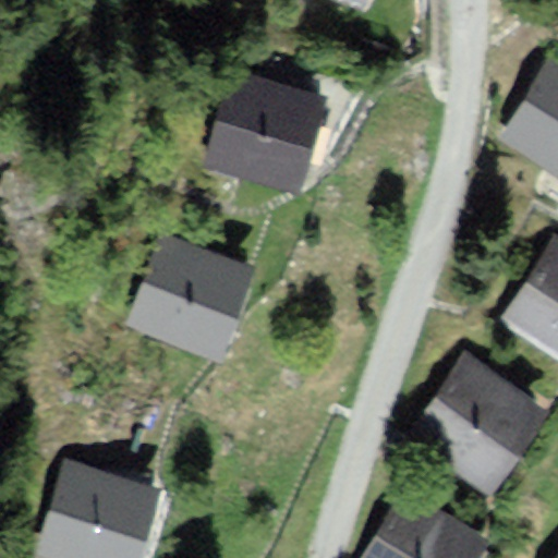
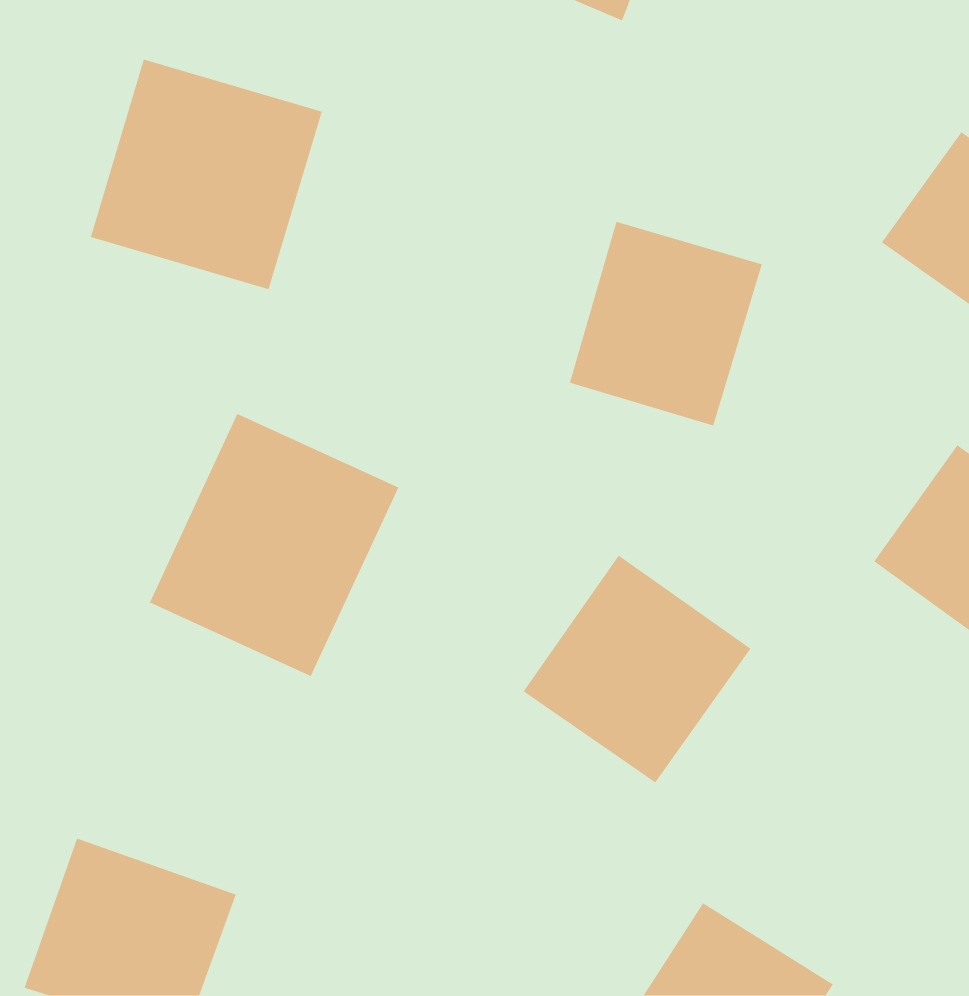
building: none -> [90,59,323,290]
building: [216,76,324,191] -> [569,221,763,426]
building: [412,365,539,493] -> [522,555,752,783]

